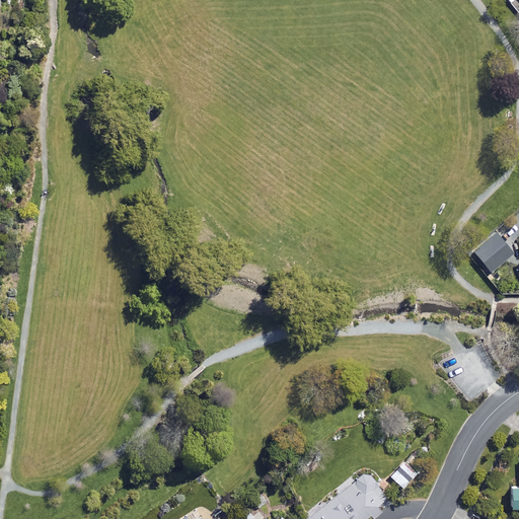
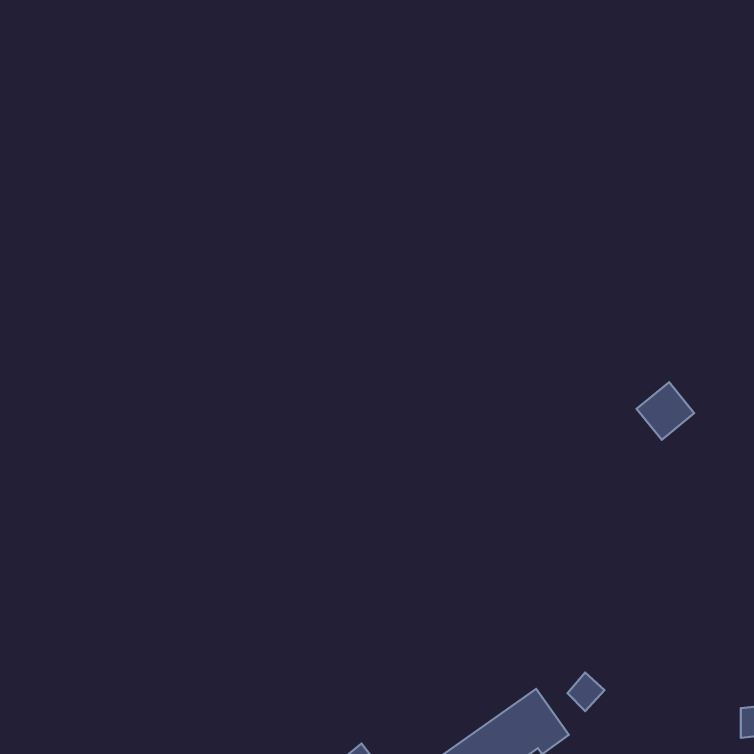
building: [473,233,513,273] -> [637,382,694,440]

